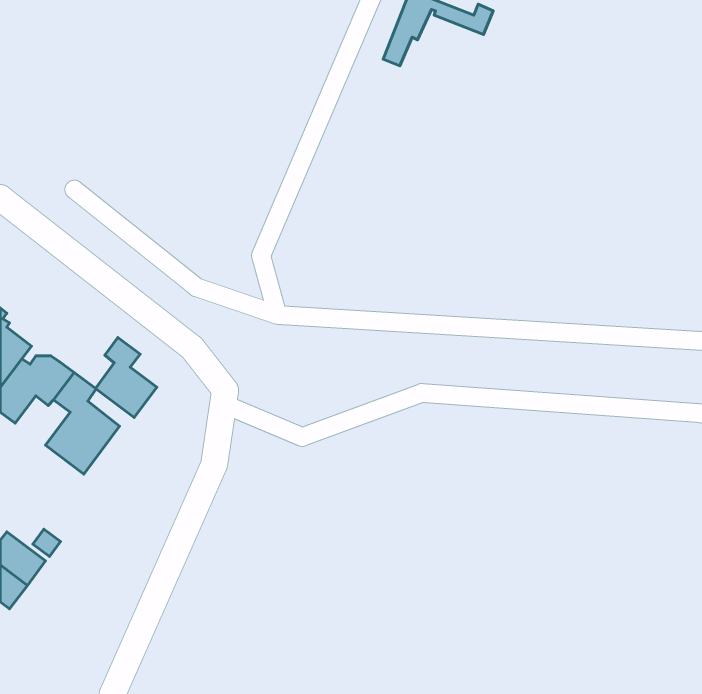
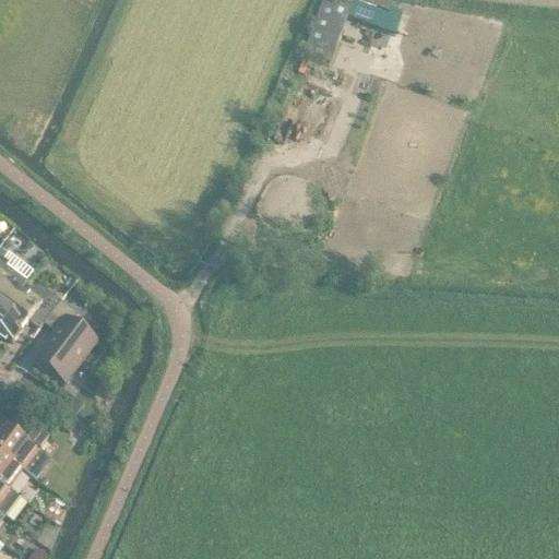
building: [96,338,157,418] -> none

